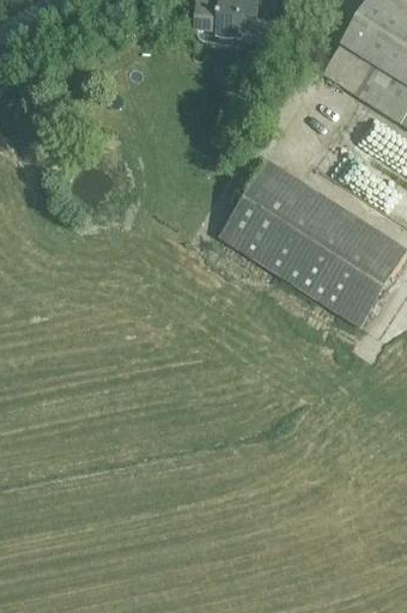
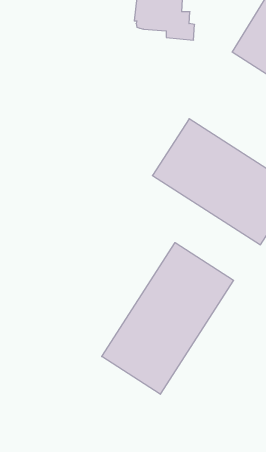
building: none -> [102,243,234,394]

